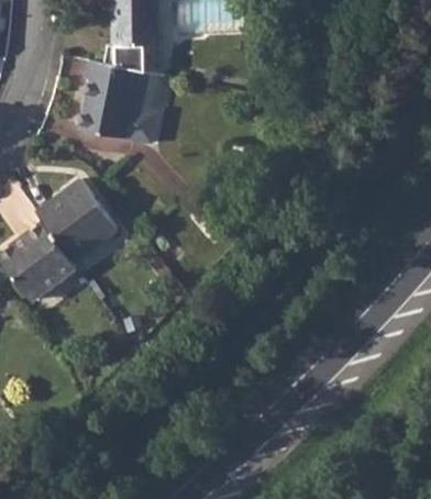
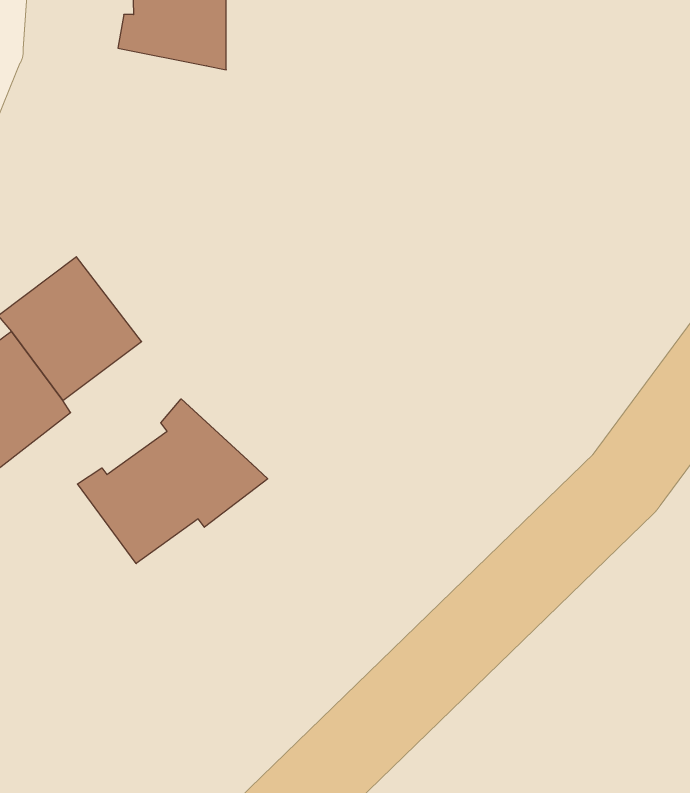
building: [81,62,155,141] -> none
building: none -> [77,399,268,564]

